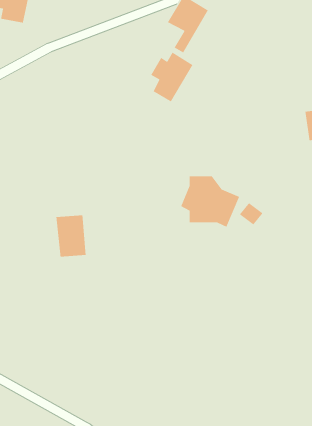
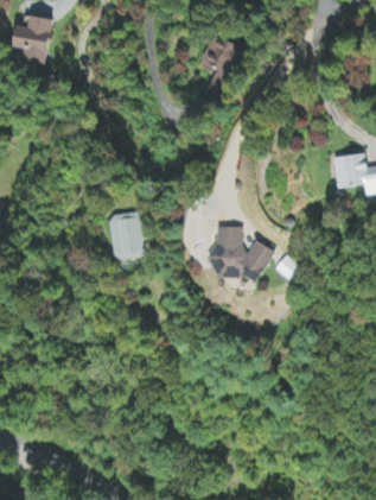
building: [150,52,193,102] -> none
building: [55,214,86,258] -> [107,211,140,258]

